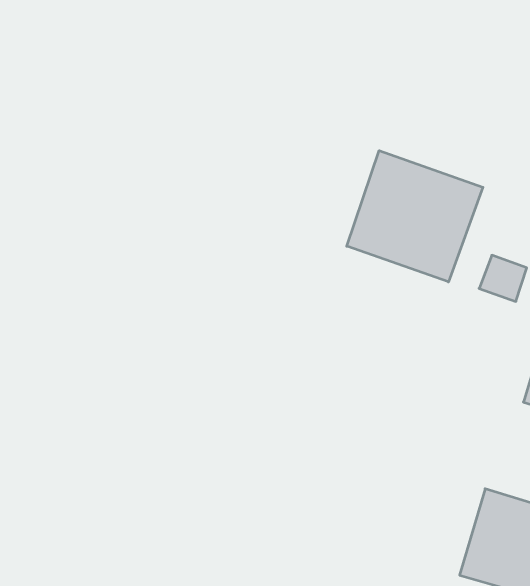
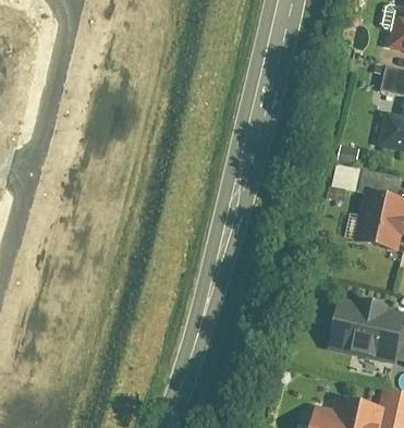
building: [347,151,483,282] -> none

